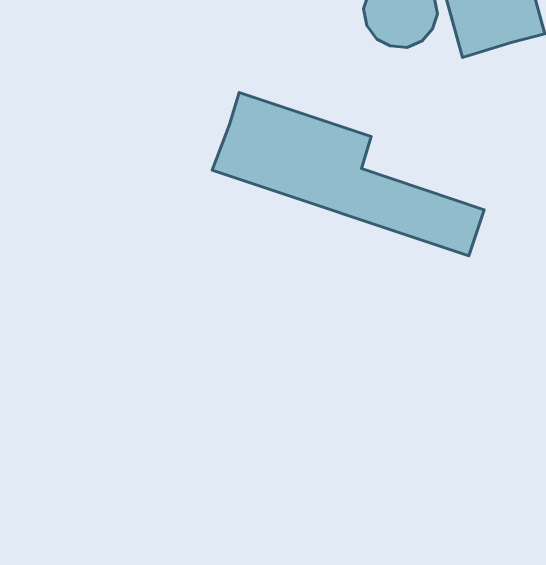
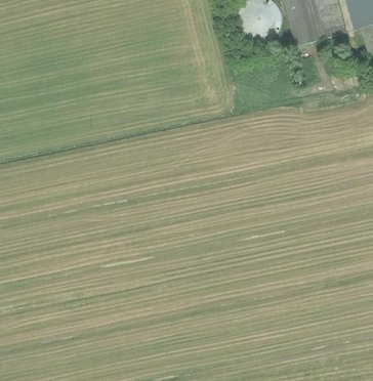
building: [212,93,484,256] -> none

